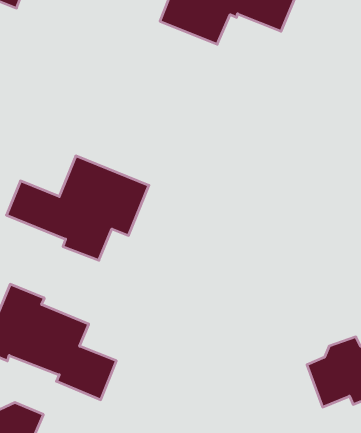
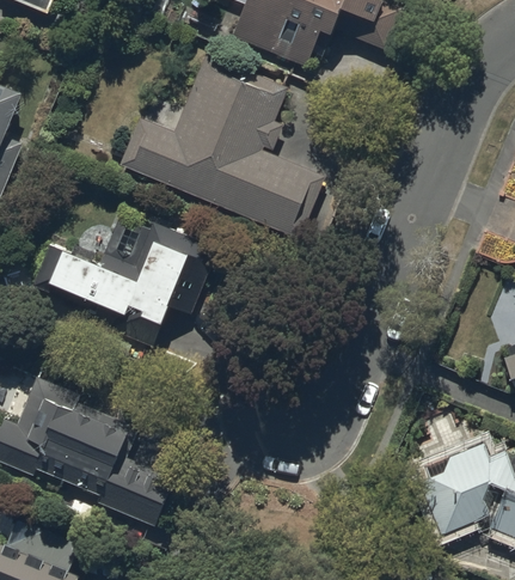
building: none -> [121,53,326,238]

